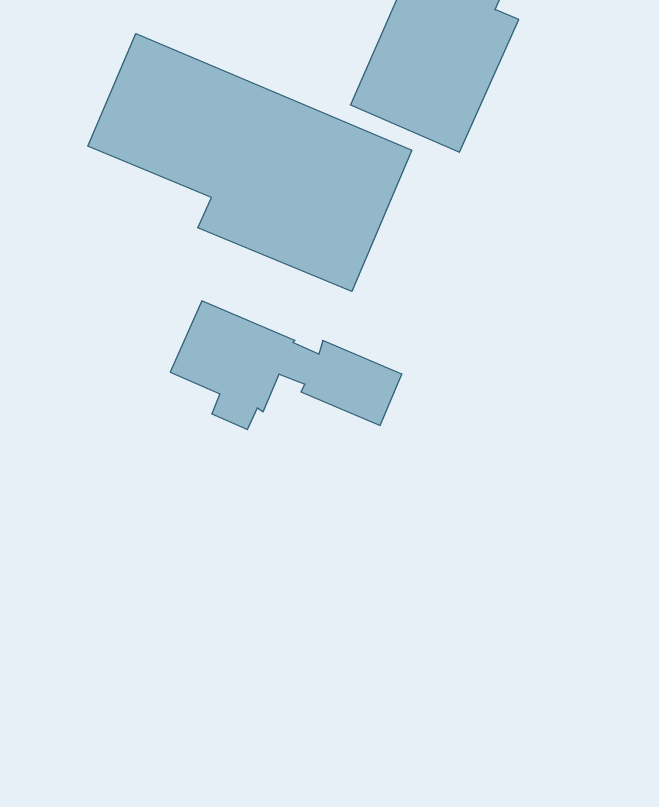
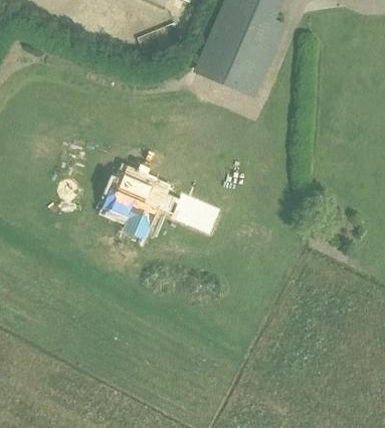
building: [88,34,412,291] -> none

